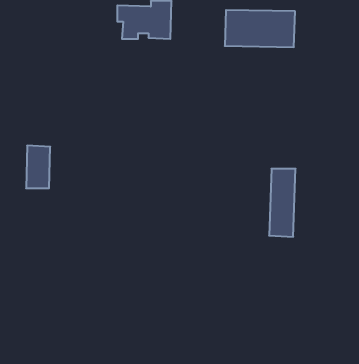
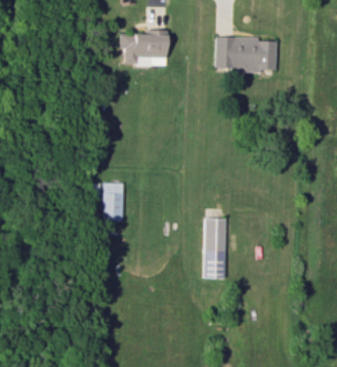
building: [26,146,50,188] -> [102,181,124,219]
building: [269,169,296,237] -> [204,217,227,278]

